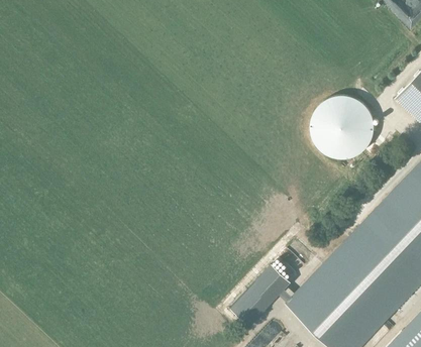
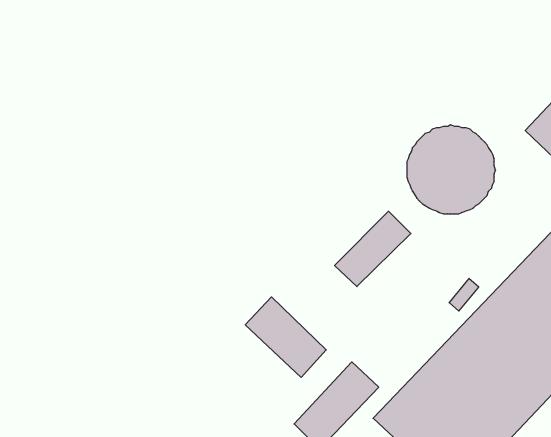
building: none -> [335,211,411,287]
building: none -> [245,297,326,377]

